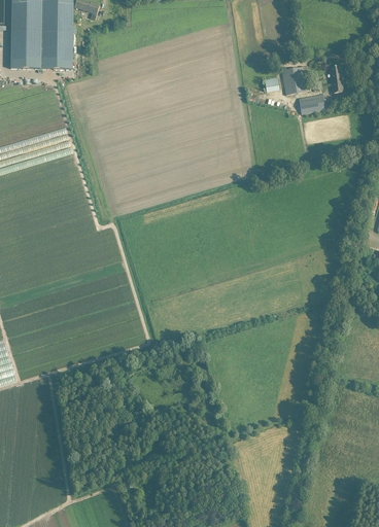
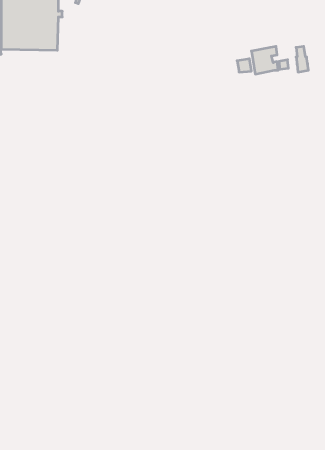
building: [297,93,325,112] -> none

